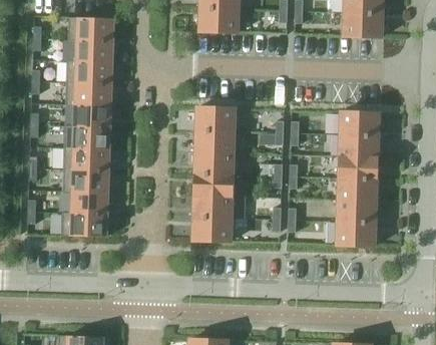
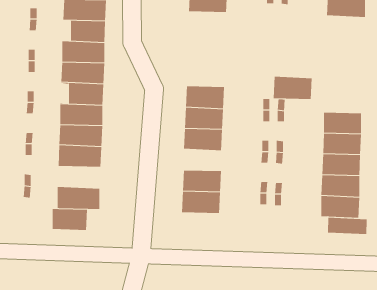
building: [339,112,380,136] -> [273,76,312,99]
building: [193,174,234,197] -> none
building: [62,192,108,215] -> [43,208,88,231]
building: none -> [328,217,367,235]

